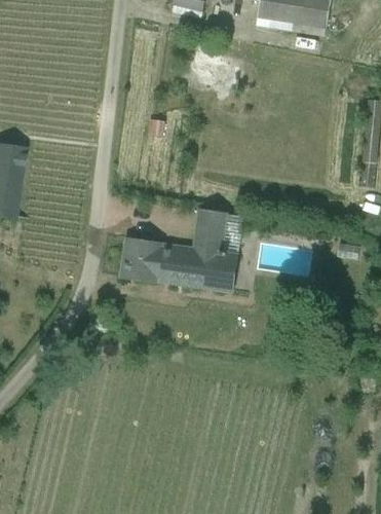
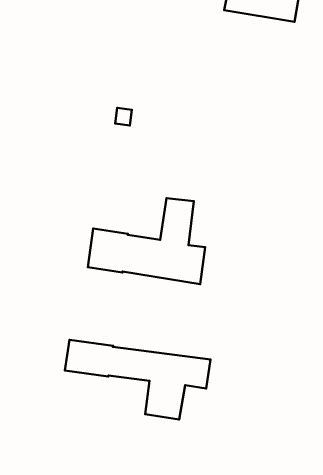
building: none -> [65,340,210,420]

